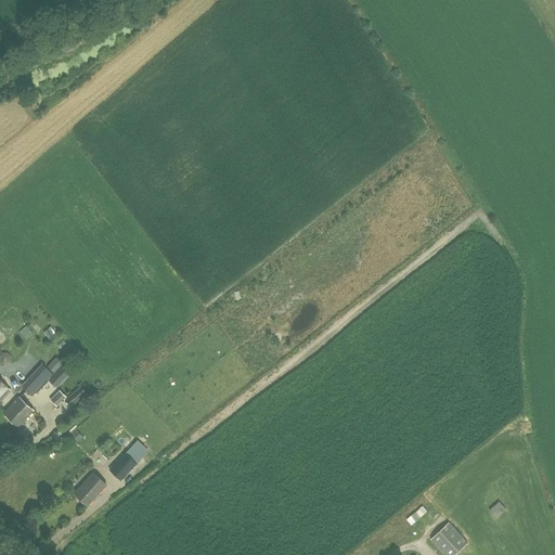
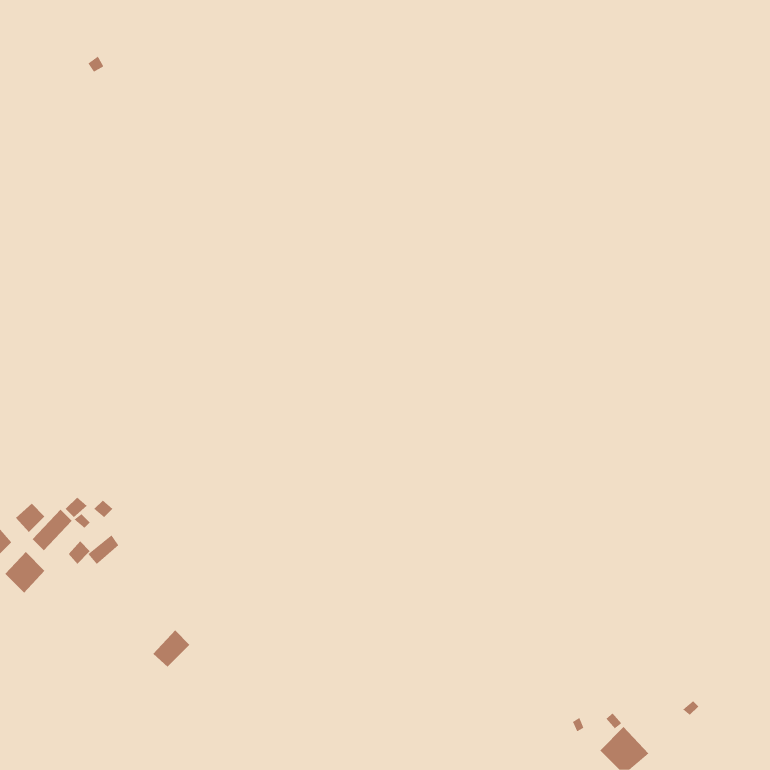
building: [74,473,106,505] -> none

